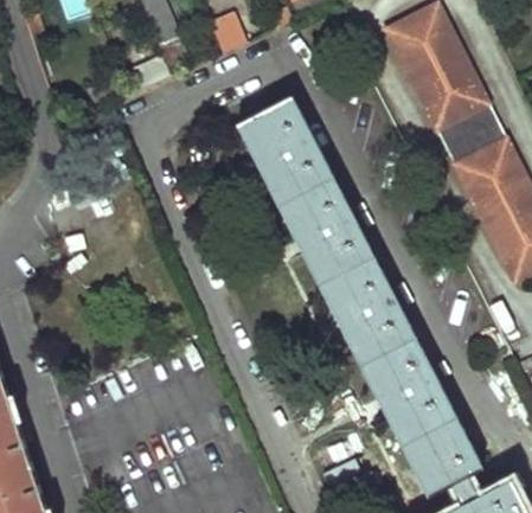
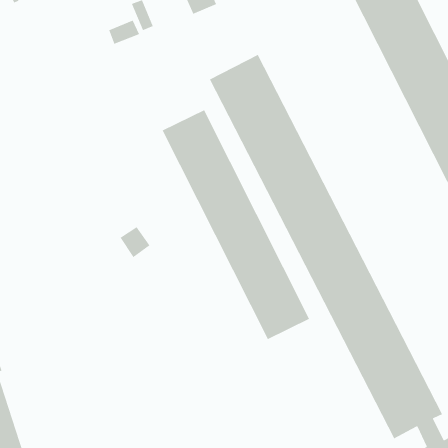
building: none -> [161,109,310,340]

